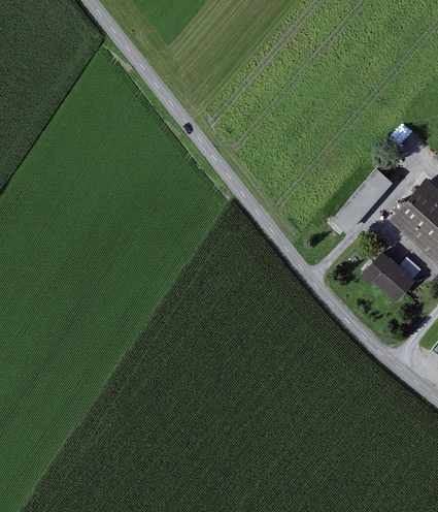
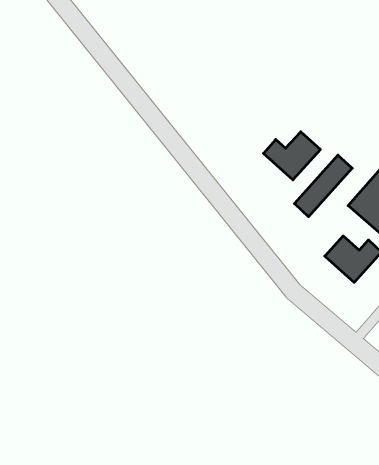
building: none -> [263,132,320,180]

